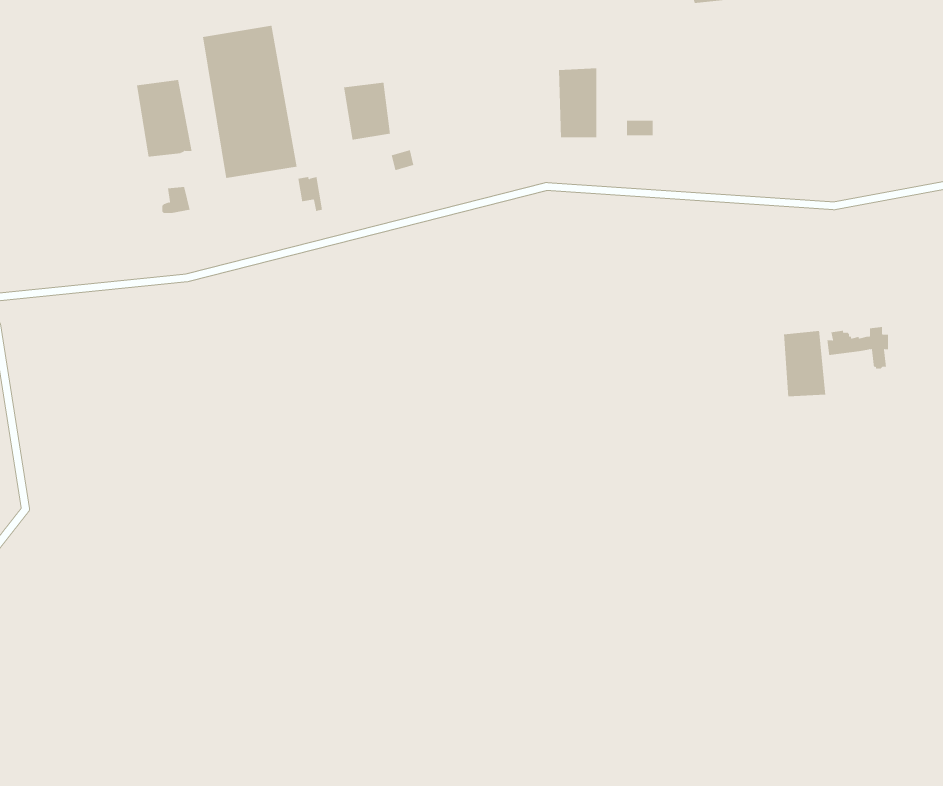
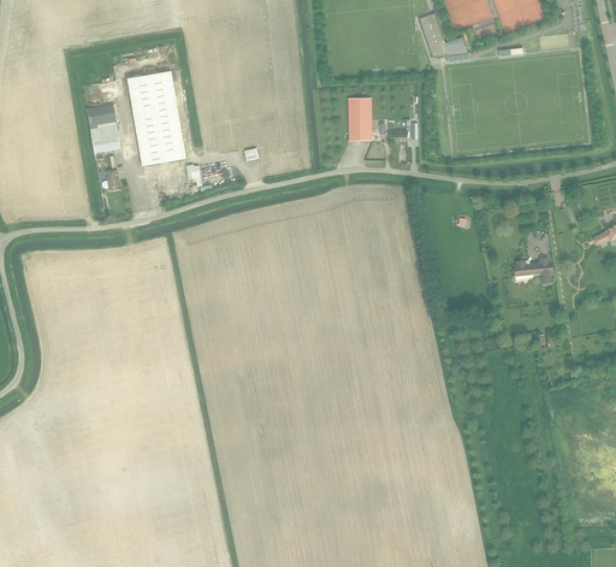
building: [343,82,391,140] -> none
building: [784,330,826,397] -> none

